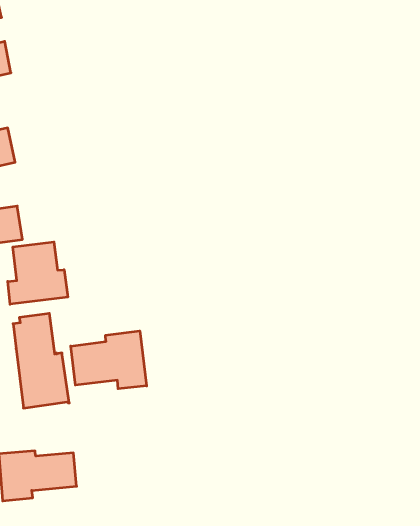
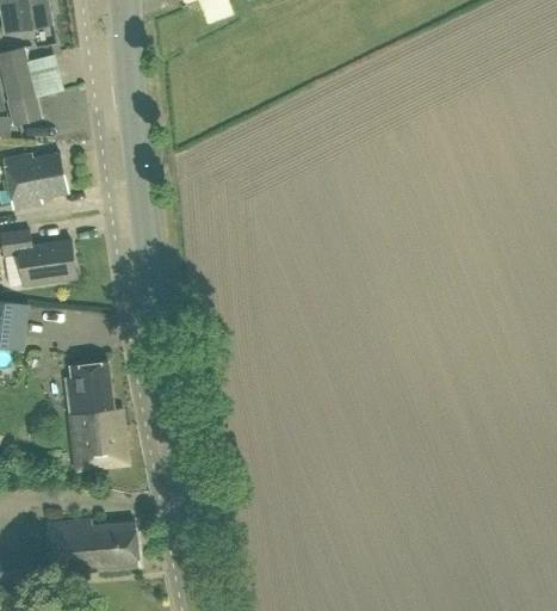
building: [8,242,68,304] -> none
building: [71,331,147,389] -> none

